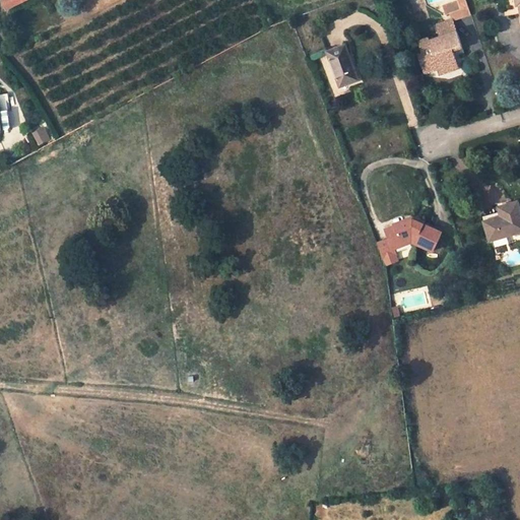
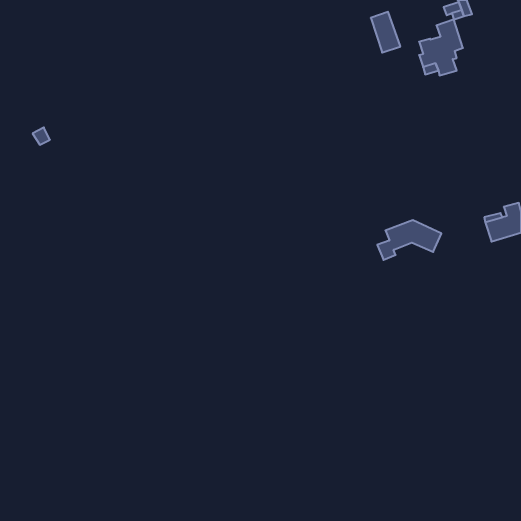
building: [327,46,356,86] -> [371,12,400,53]

